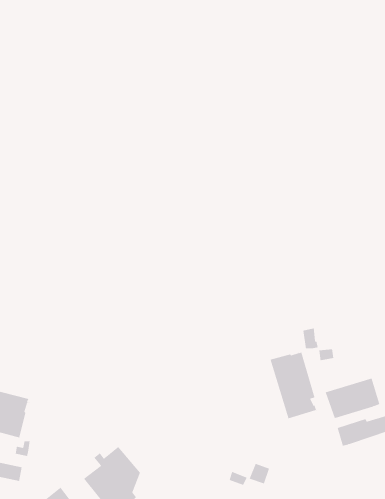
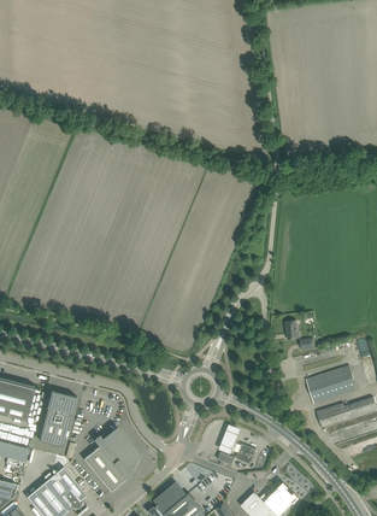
building: [270,345,318,419] -> none
building: none -> [39,391,76,447]

